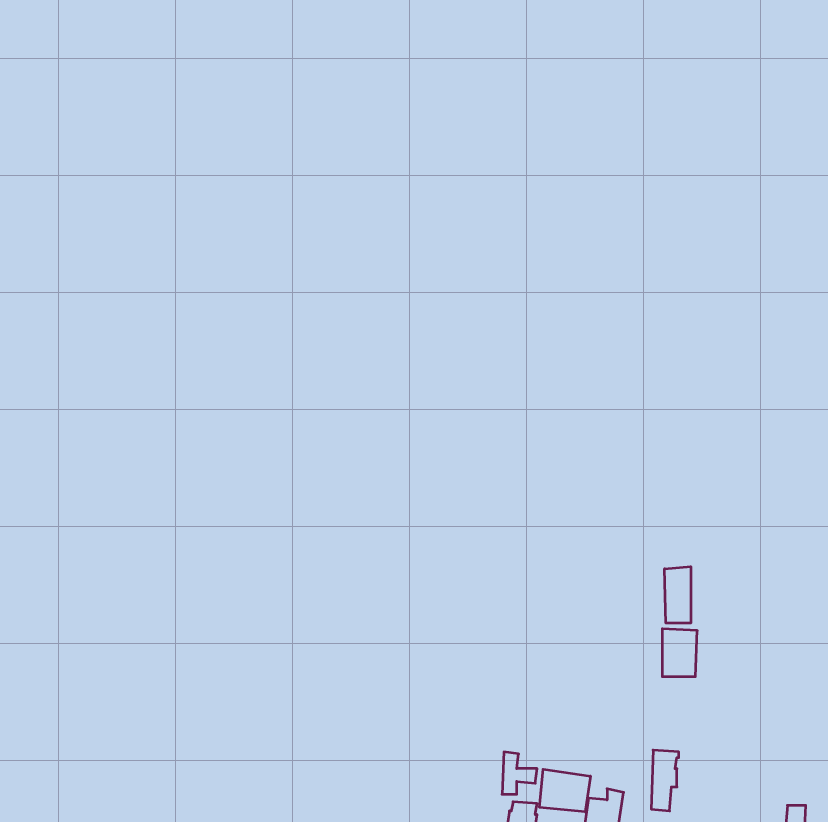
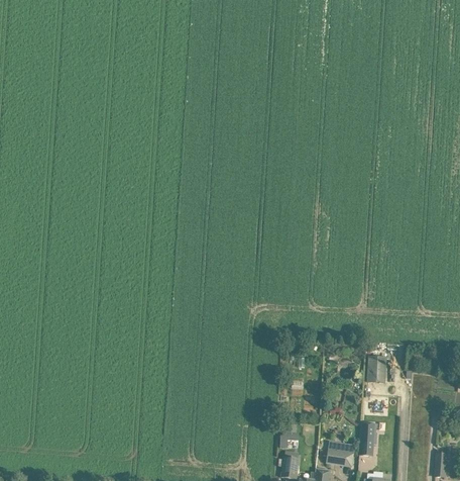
building: [665,567,691,623] -> none
building: [540,769,590,812] -> none

